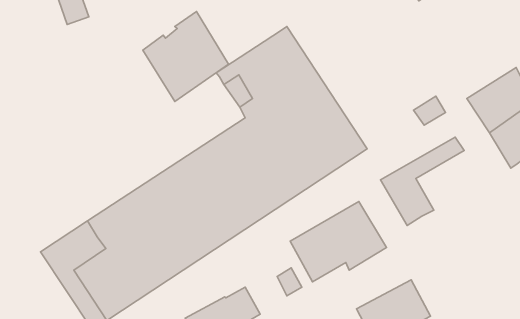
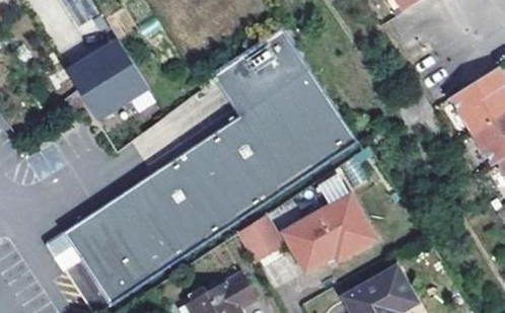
building: [143,11,229,102] -> [66,36,147,122]
building: [381,137,464,226] -> none
building: none -> [235,216,284,264]

